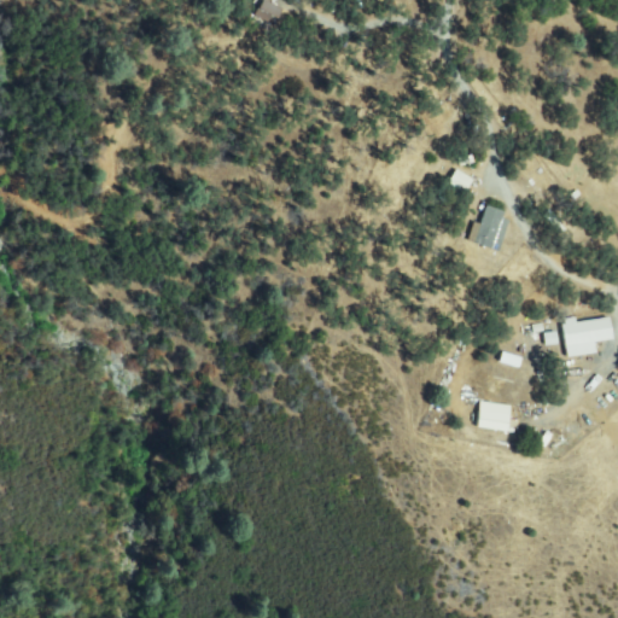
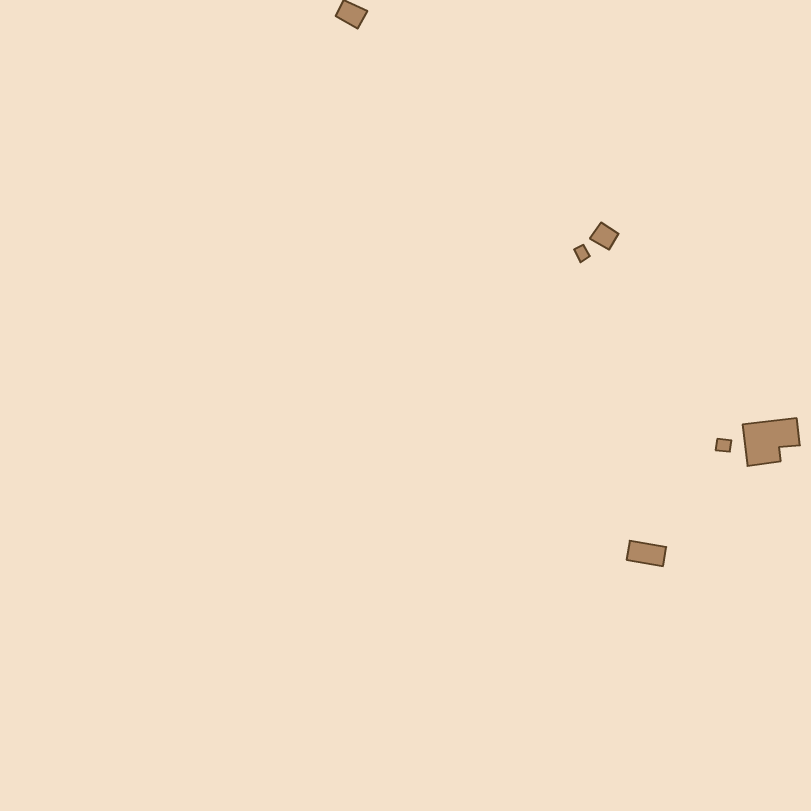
building: [471,206,511,249] -> none

